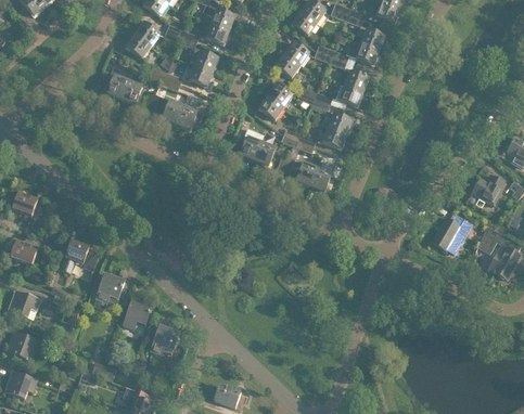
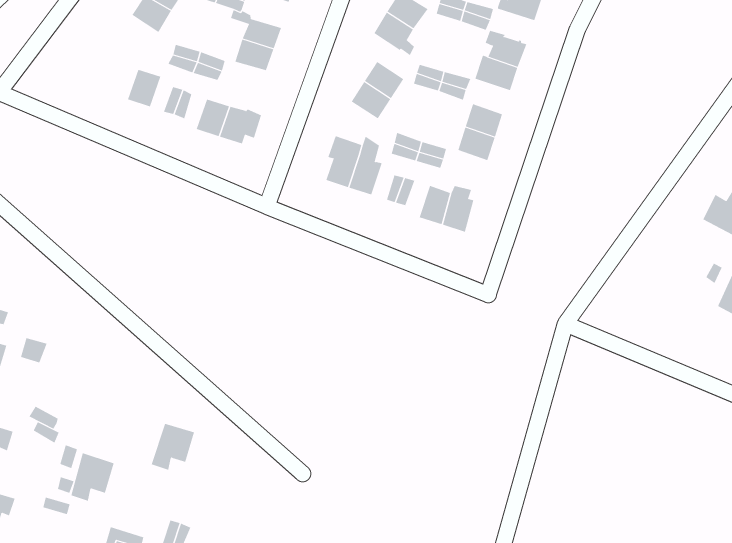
building: [106,67,130,99] -> none
building: [431,212,471,250] -> none
building: [61,240,98,272] -> none
building: [95,273,124,303] -> [70,453,114,501]
building: [150,324,179,354] -> none

